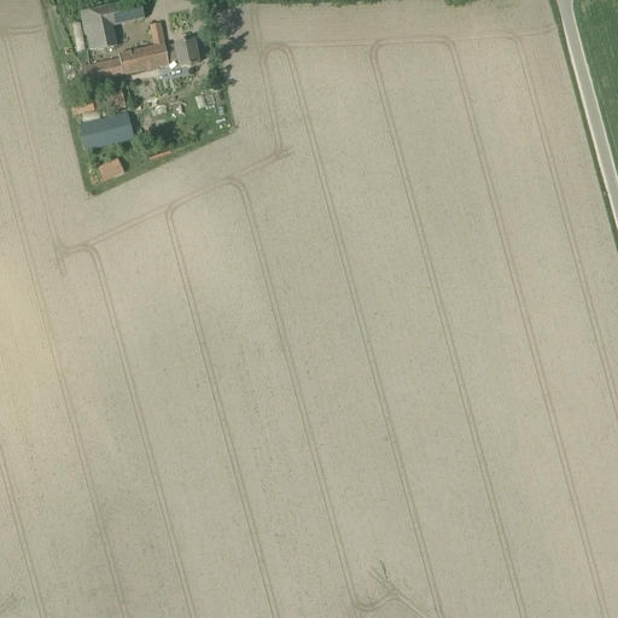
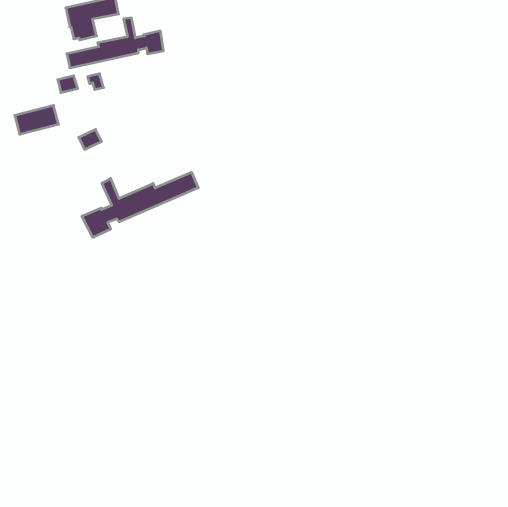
building: [80,112,133,147] -> [15,105,59,134]
building: none -> [82,172,198,237]

